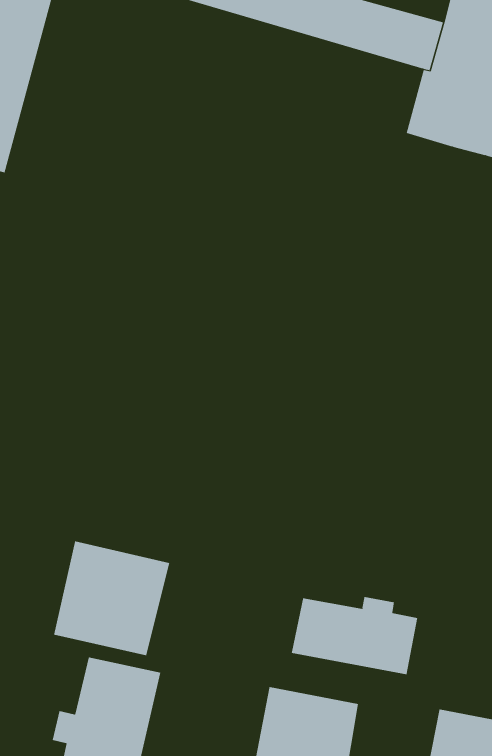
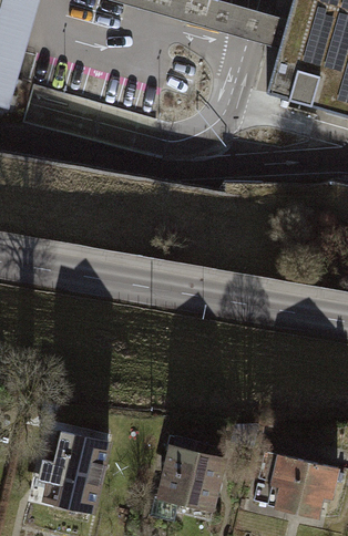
building: [53,541,170,656] -> none
building: [291,596,418,675] -> none

